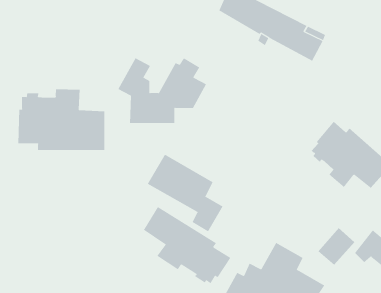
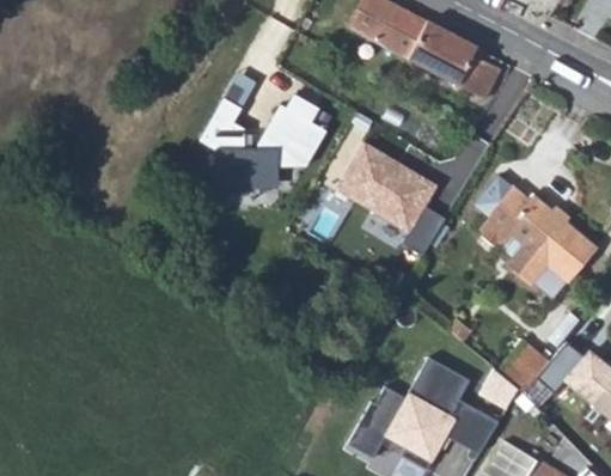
building: [18,88,105,151] -> none
building: [147,154,224,232] -> [341,145,451,257]
building: [143,206,231,284] -> none

